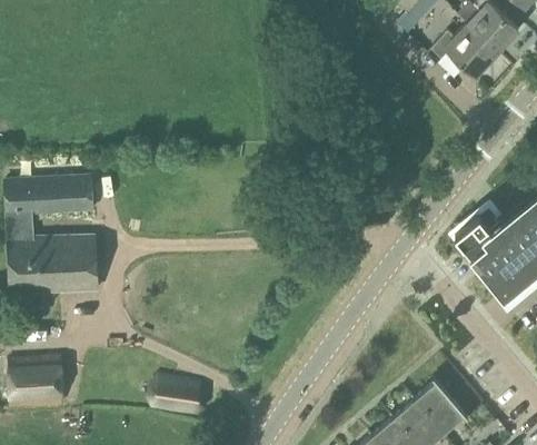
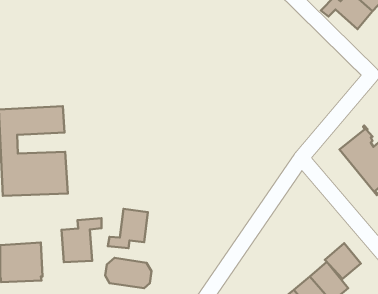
building: none -> [108,209,148,248]
building: none -> [61,218,101,262]
building: none -> [325,243,361,279]

